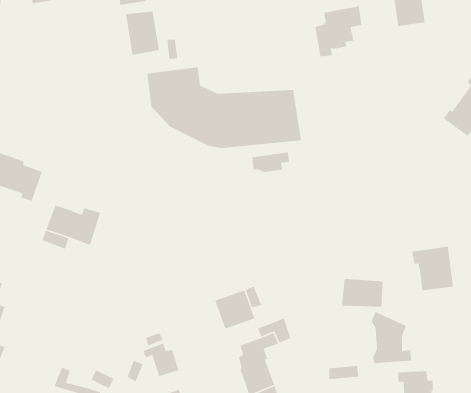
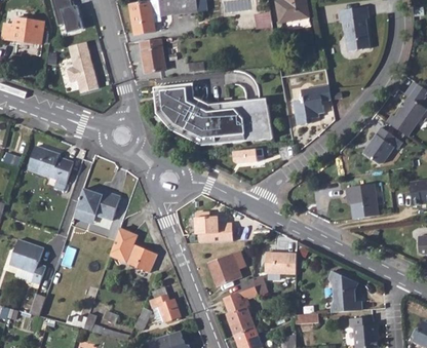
building: [314,5,362,57] -> [294,83,331,123]
building: none -> [66,41,100,96]
building: none -> [360,125,399,162]
building: none -> [196,214,235,242]
building: [411,246,454,291] -> [345,182,378,217]
building: none -> [110,228,158,273]
building: [341,278,384,308] -> [266,249,299,272]

